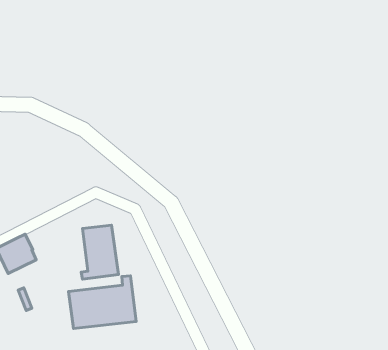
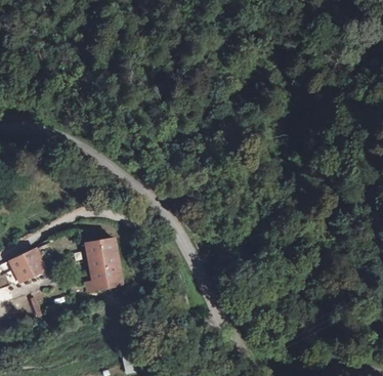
building: [69,276,136,328] -> none

